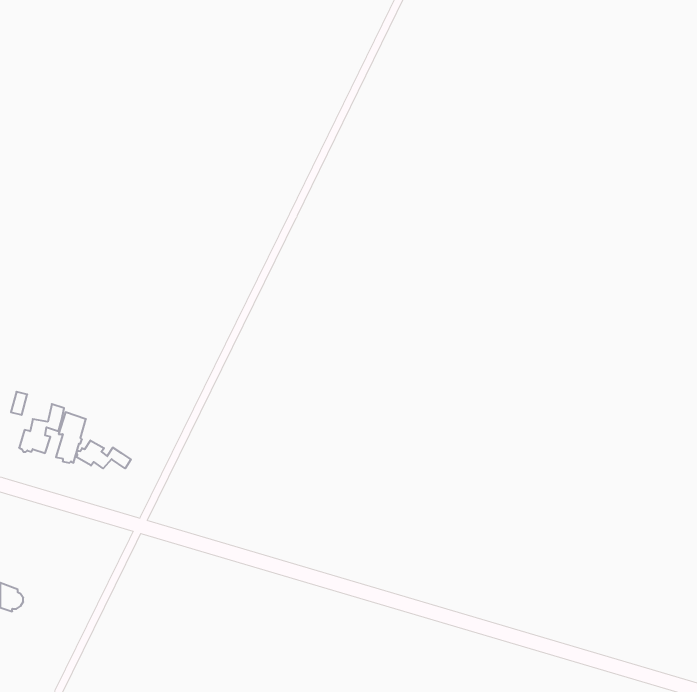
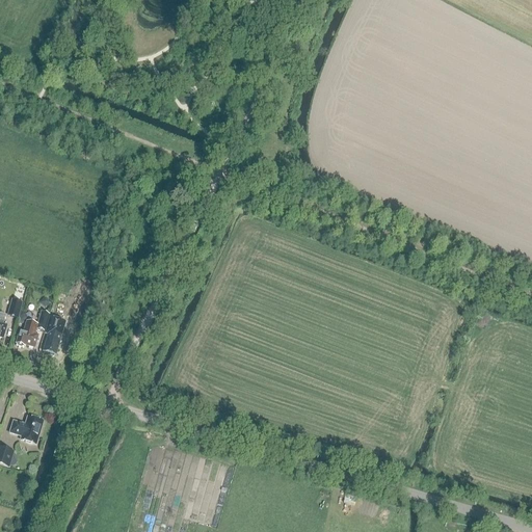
building: [76,440,131,468] -> none
building: none -> [9,415,43,442]

